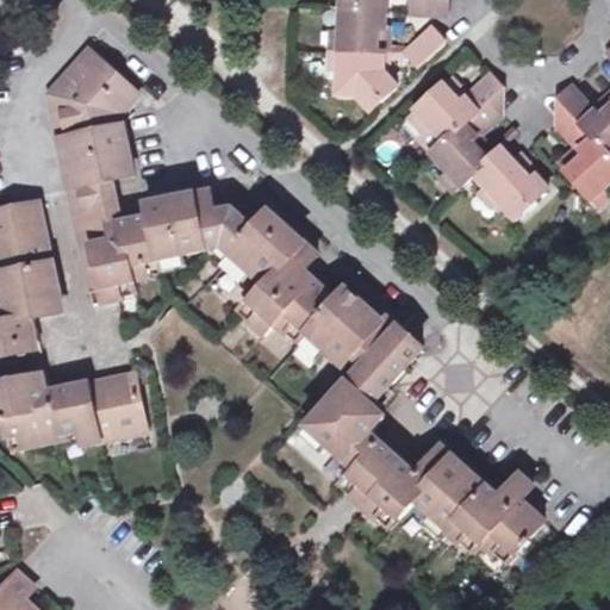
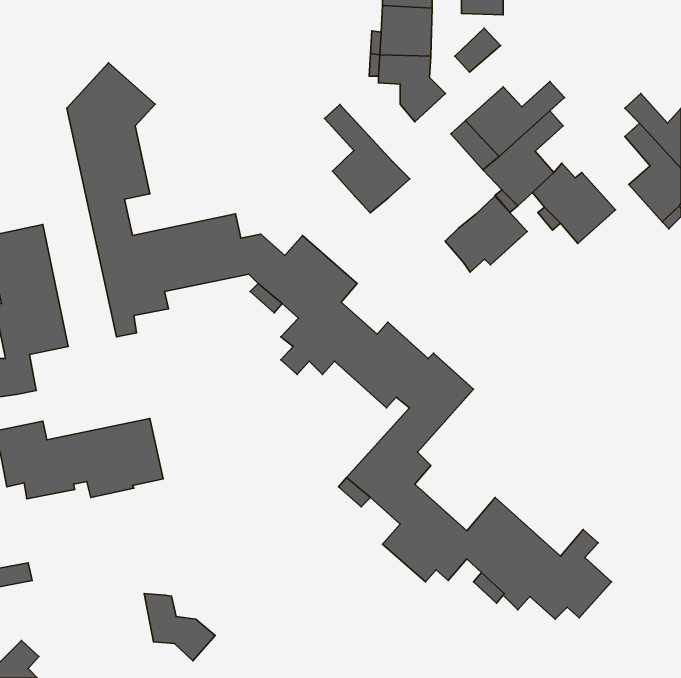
building: [49,49,104,303] -> none
building: none -> [325,105,410,213]
building: none -> [445,196,527,272]
building: none -> [144,594,215,661]

